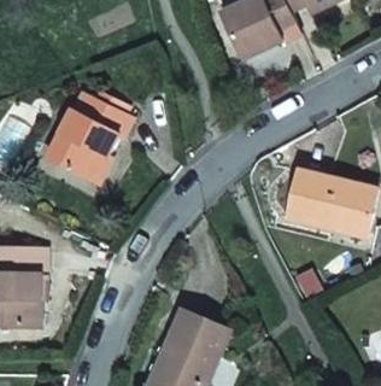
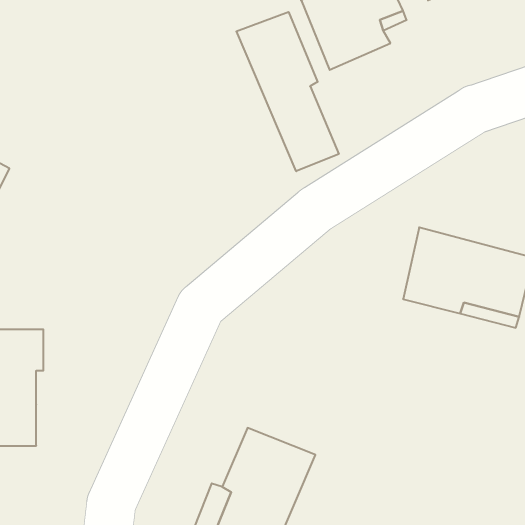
building: none -> [236,12,339,171]
building: [41,95,122,182] -> none

